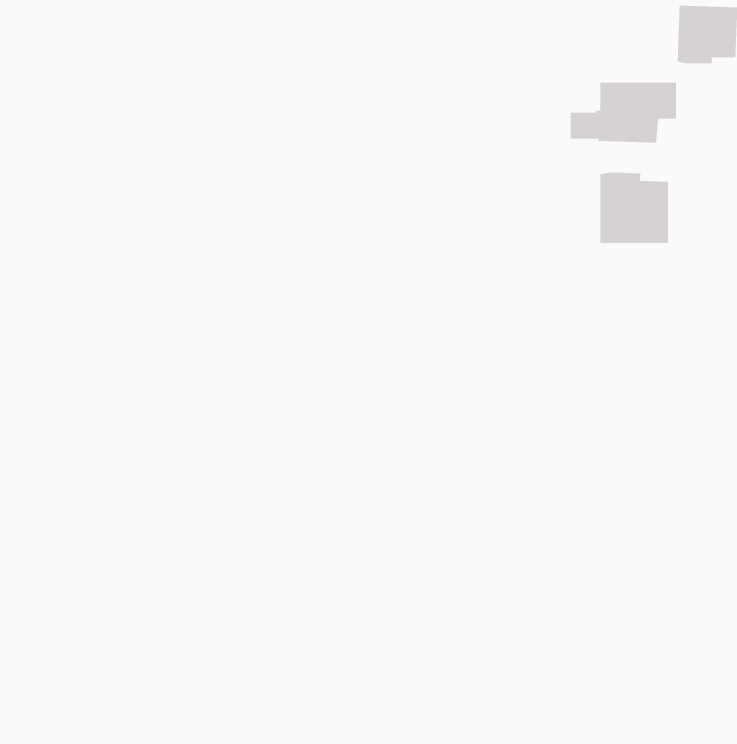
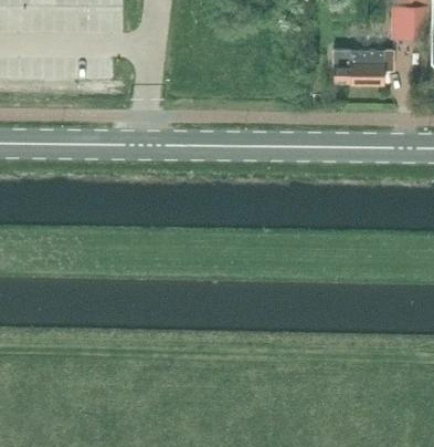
building: [599,172,669,244] -> none

